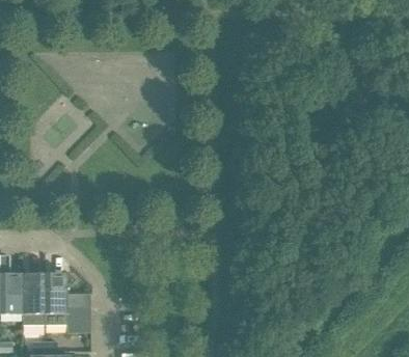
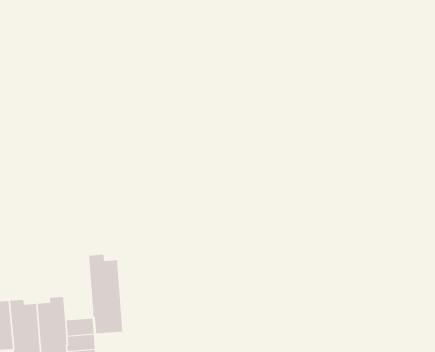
building: none -> [88,254,123,334]

